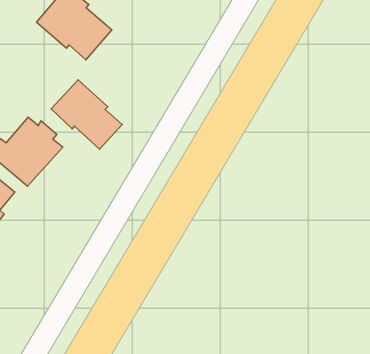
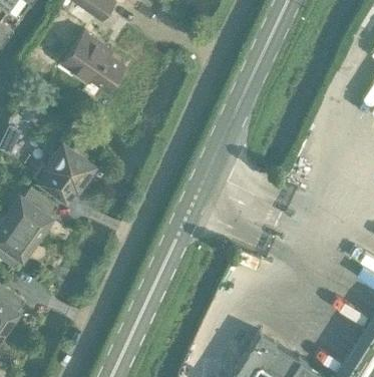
building: [51,80,122,149] -> none

